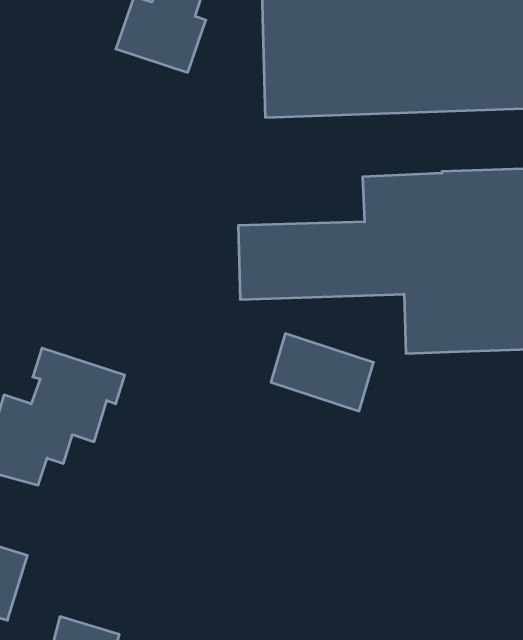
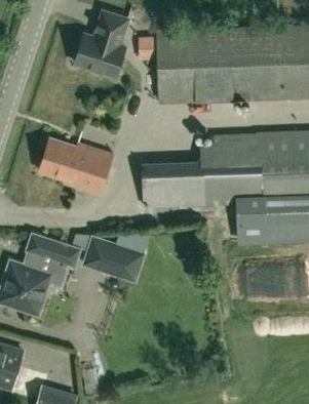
building: none -> [38,138,112,196]
building: [271,334,374,411] -> [83,237,142,281]

